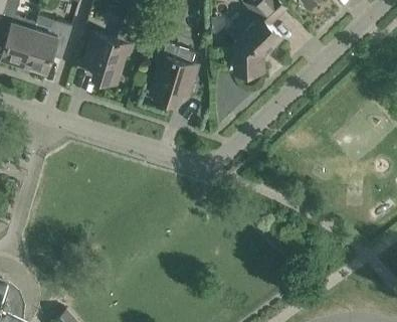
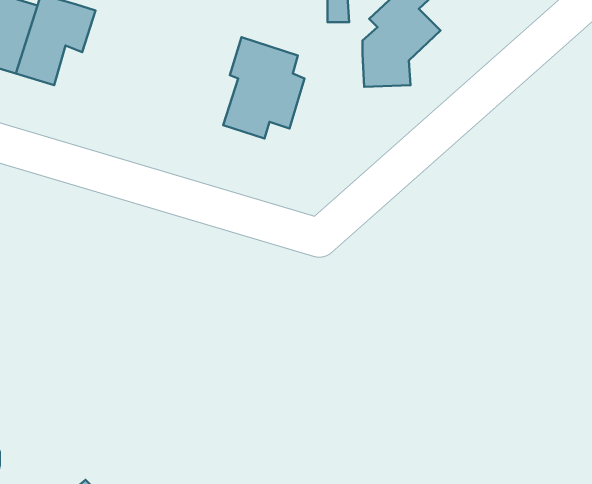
building: [82,28,138,85] -> none

